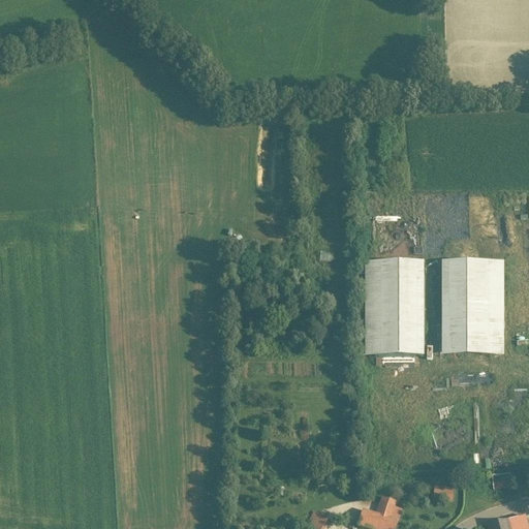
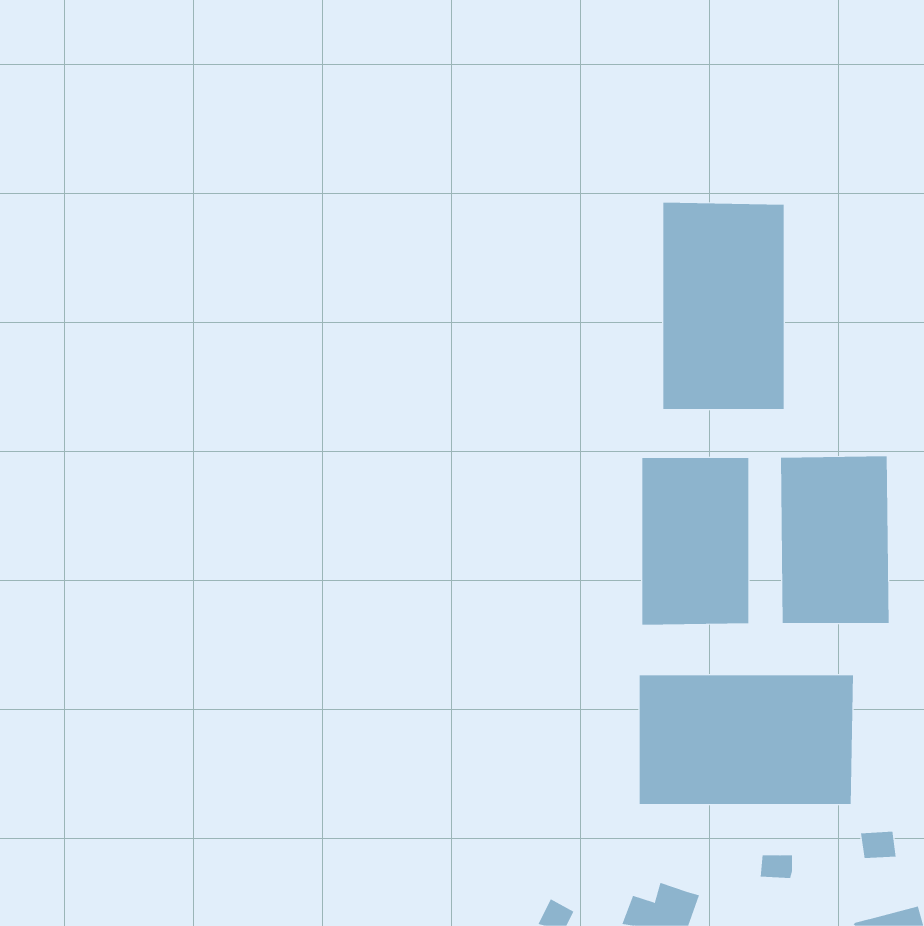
building: none -> [663,202,784,410]
building: none -> [639,675,854,805]

